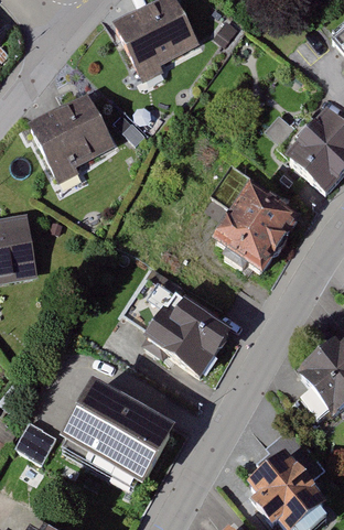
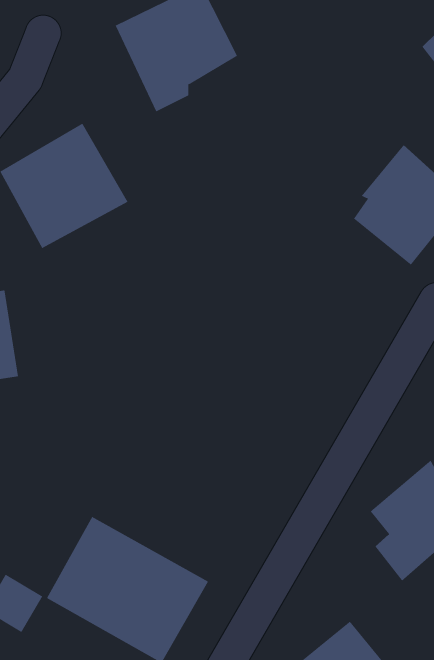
building: [211,177,302,272] -> none
building: [139,294,230,381] -> none

